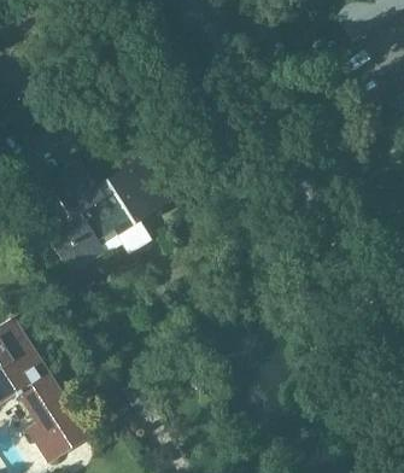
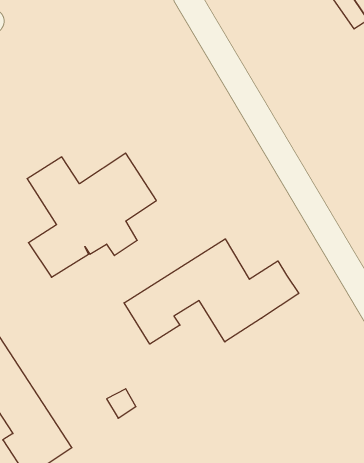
building: none -> [124,239,299,344]

